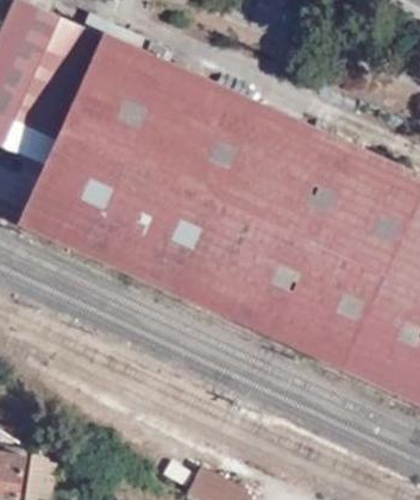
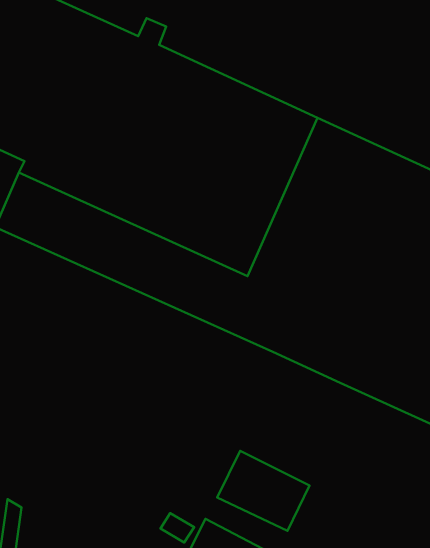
building: none -> [217,451,309,531]

